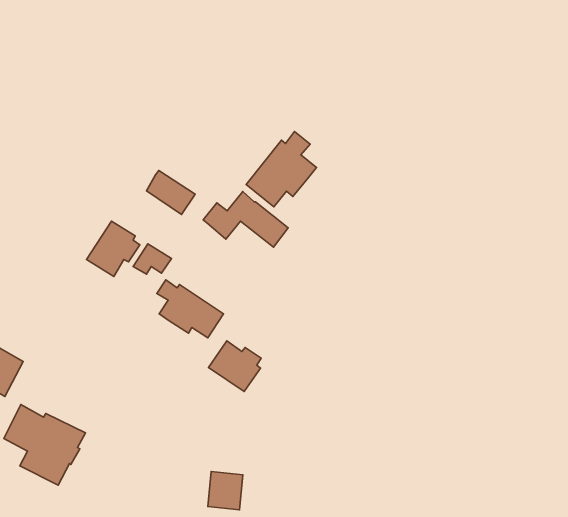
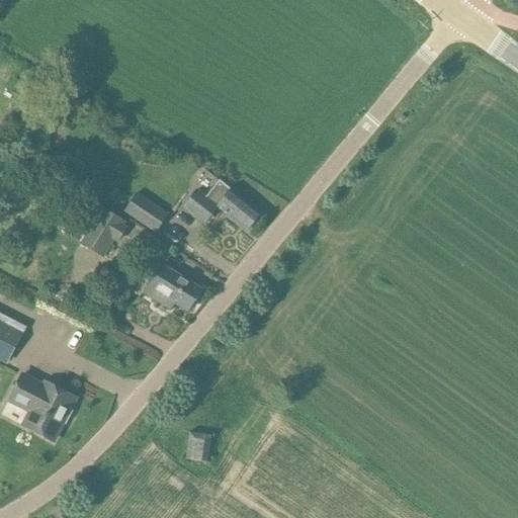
building: [246,132,317,207] -> none
building: [146,170,195,215] -> [123,192,167,232]
building: [208,341,261,391] -> none

